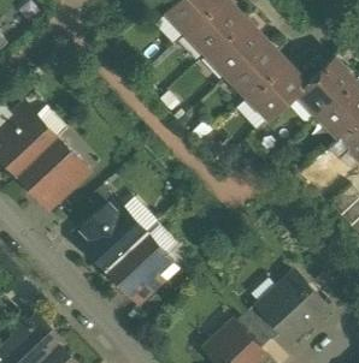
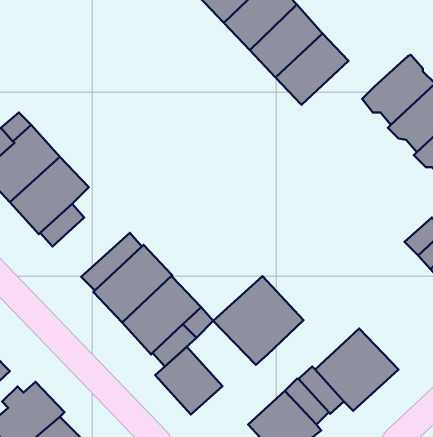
building: [248,63,306,119] -> none
building: none -> [213,276,304,365]
building: none -> [155,347,222,415]

